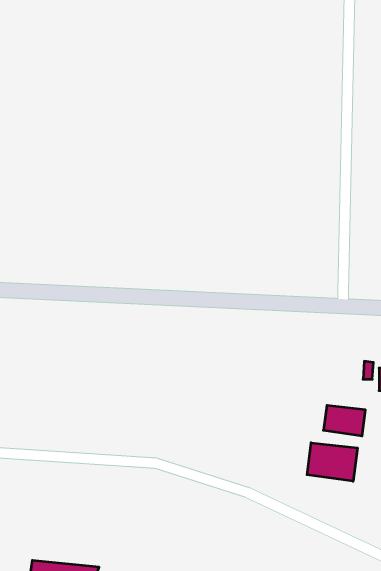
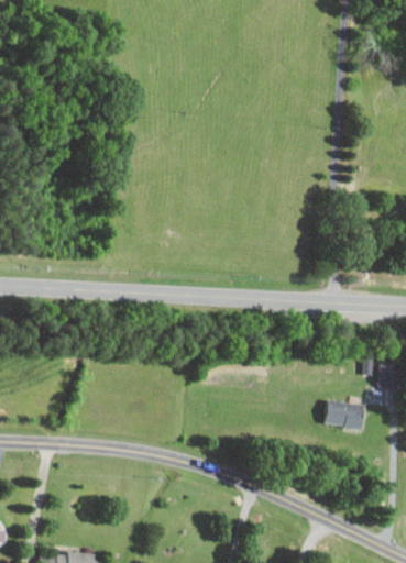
building: [307,443,357,481] -> none

